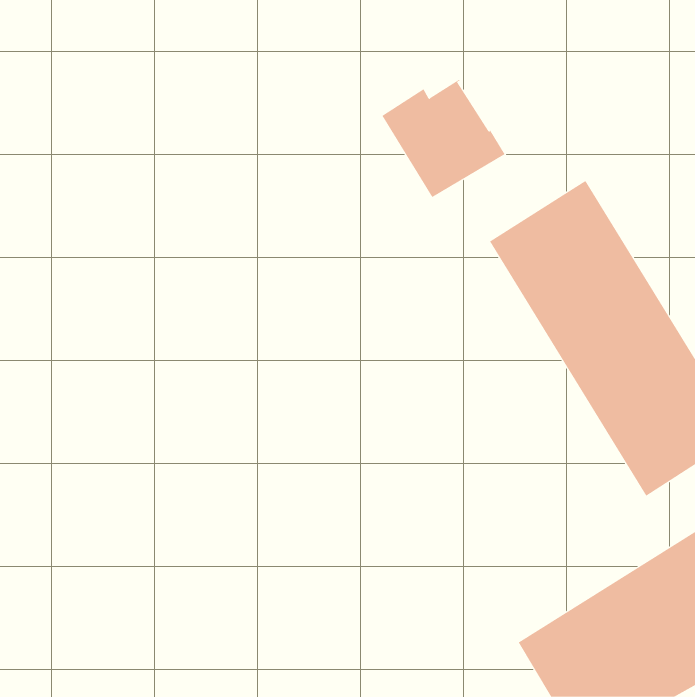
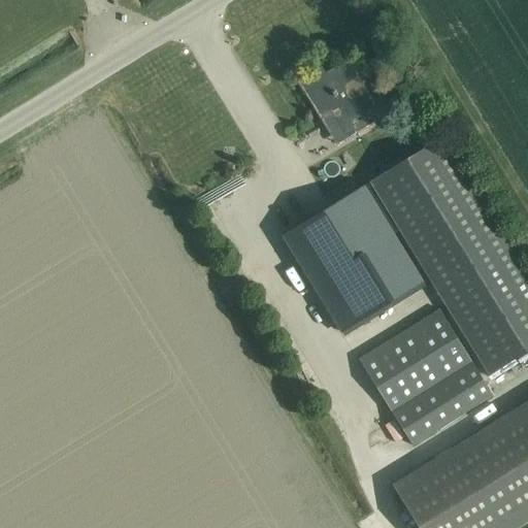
building: none -> [284,187,424,332]
building: none -> [360,309,494,446]

